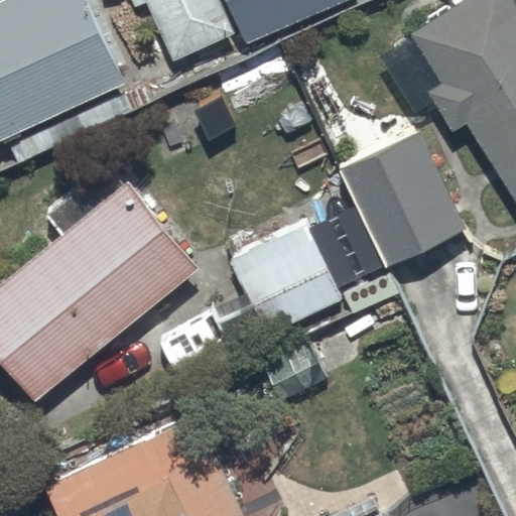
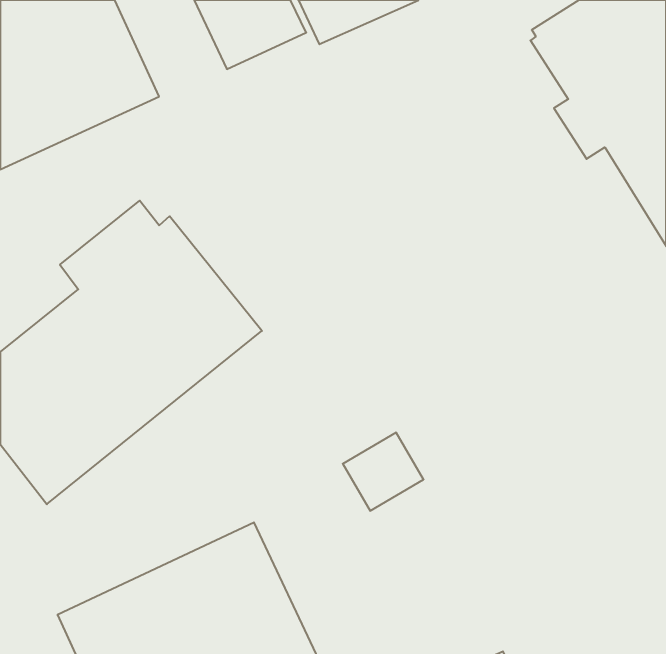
building: [342,129,468,264] -> none
building: [212,223,343,350] -> none

